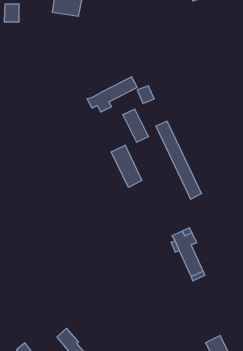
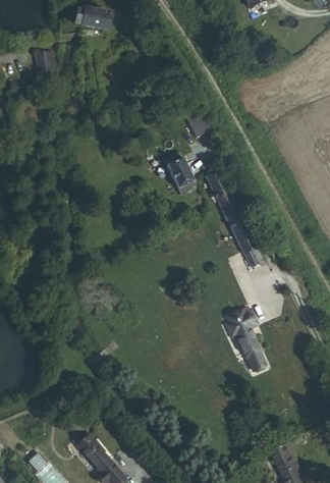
building: [4,4,19,22] -> [35,50,54,72]
building: [87,77,137,112] -> none
building: [111,145,142,187] -> none

